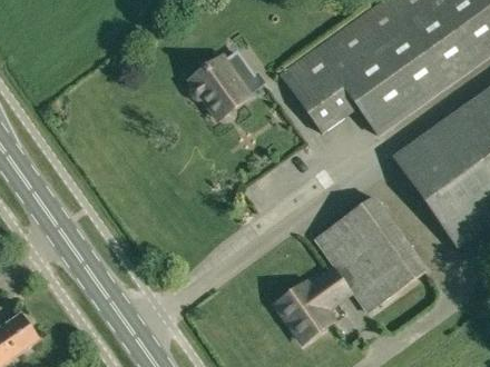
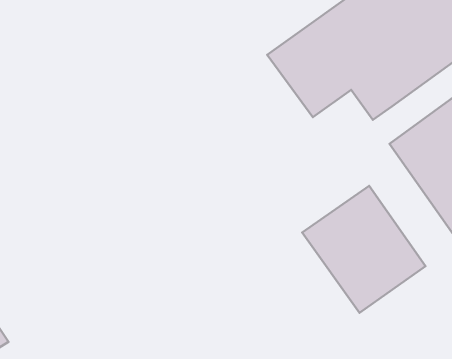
building: [192,51,254,117] -> none
building: [277,269,349,340] -> none

